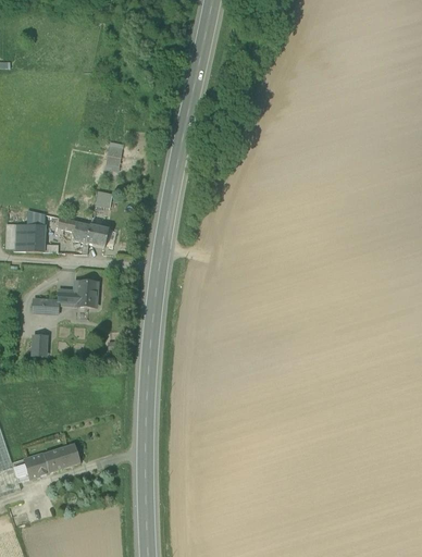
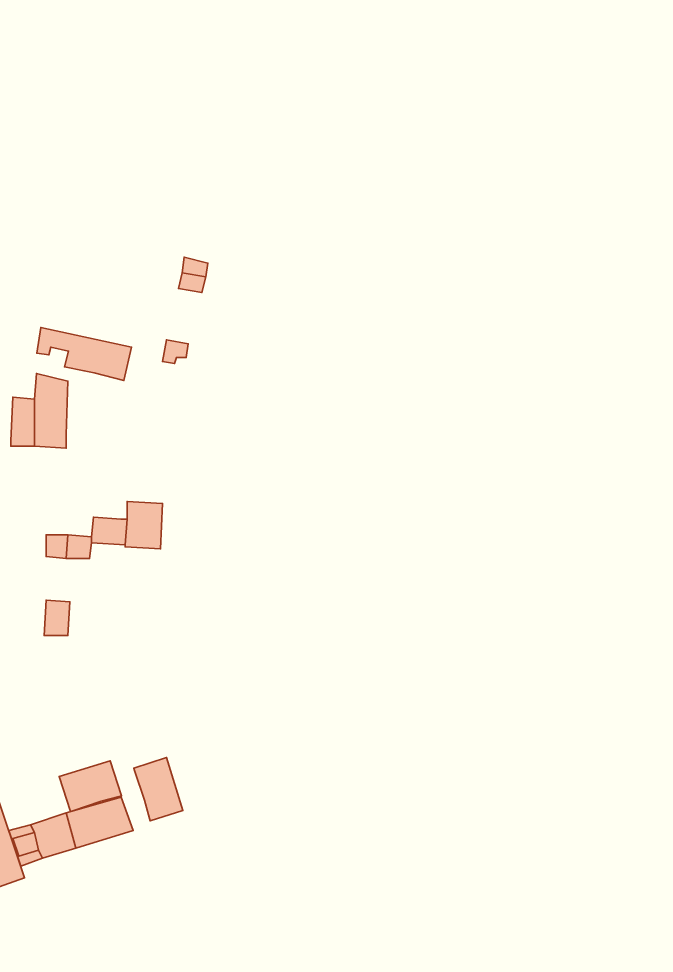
building: [57,218,109,247] -> [37,327,132,381]
building: none -> [134,757,183,821]
building: none -> [59,761,121,812]

